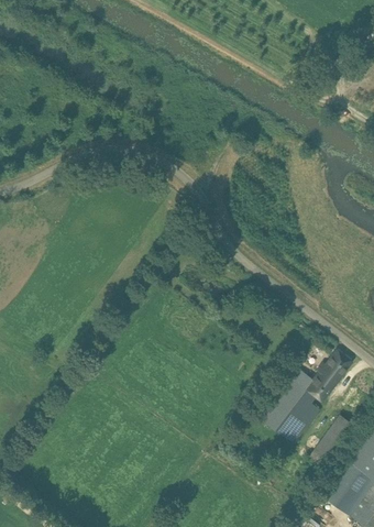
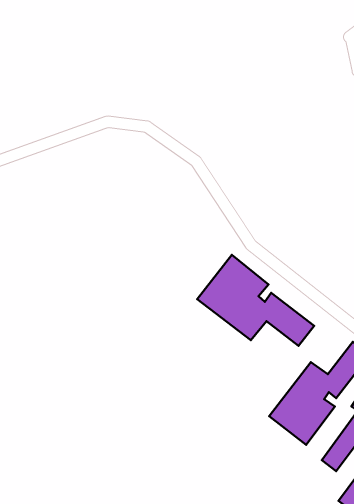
building: none -> [197,255,314,346]

